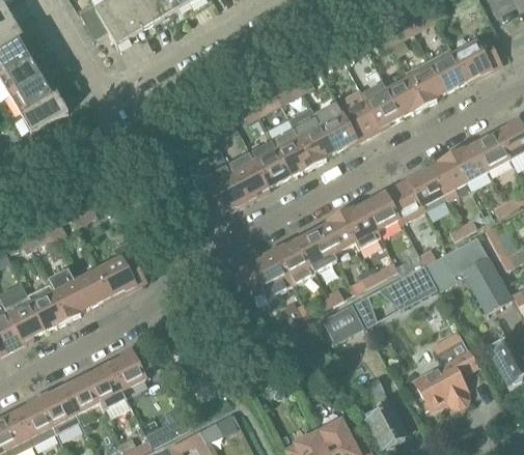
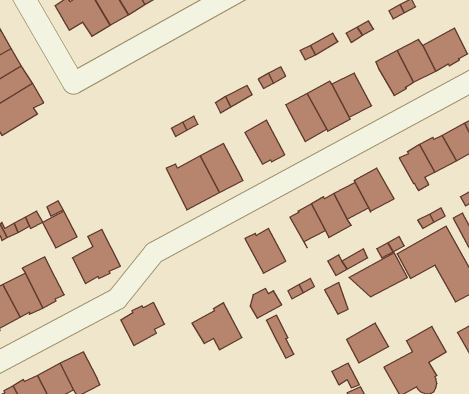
building: [383,74,423,115] -> none
building: [287,107,333,165] -> none
building: [250,142,289,187] -> none
building: [407,168,446,209] -> none
building: [296,228,335,271] -> none
building: [240,250,291,297] -> [192,303,242,350]
building: [75,269,110,307] -> [42,211,77,248]
building: [322,303,364,343] -> [347,323,389,363]
building: [108,347,153,391] -> [121,303,165,346]

